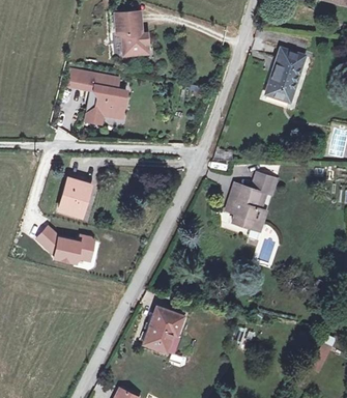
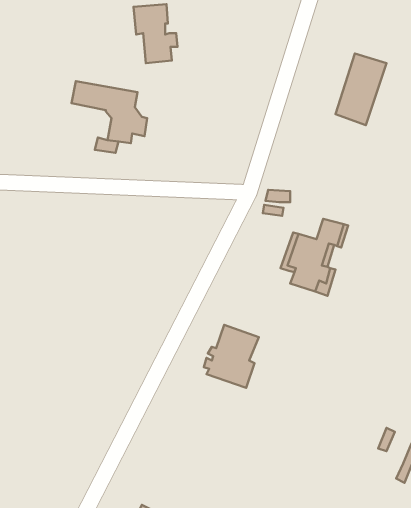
building: [59,178,89,215] -> none
building: [36,226,92,262] -> none
building: [141,306,182,353] -> [204,325,259,388]

